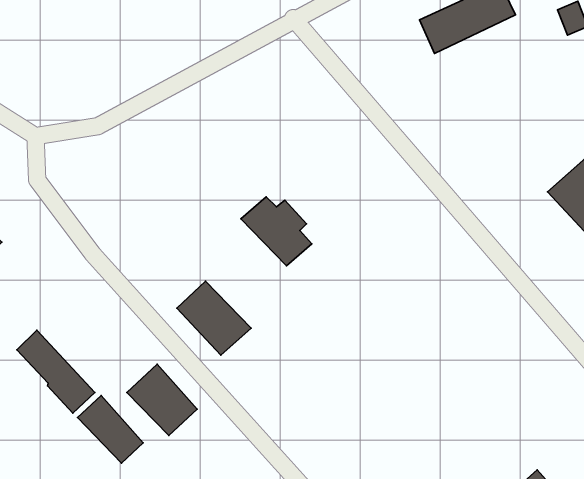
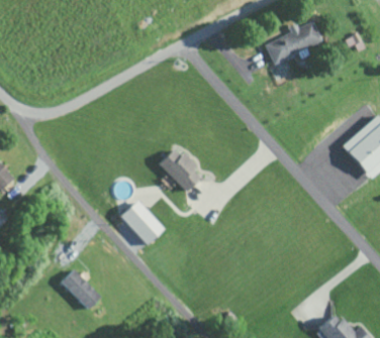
building: [17,330,95,413] -> none
building: [127,364,197,436] -> none

